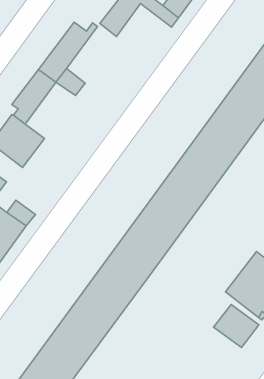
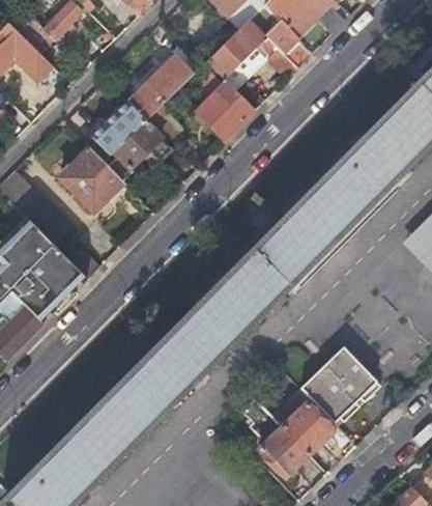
building: none -> [194,80,254,140]
building: none -> [103,121,172,173]
building: none -> [241,398,309,477]

